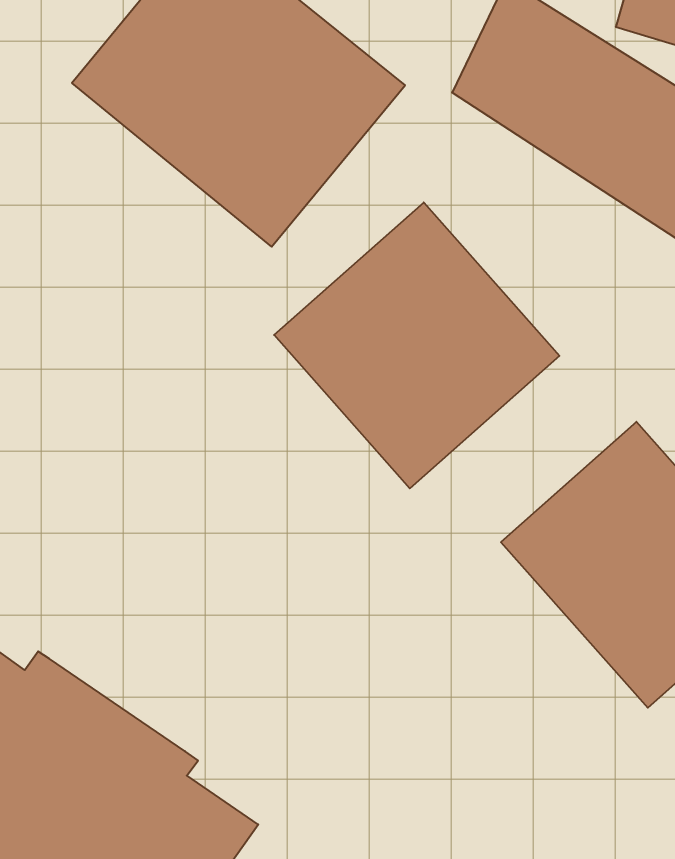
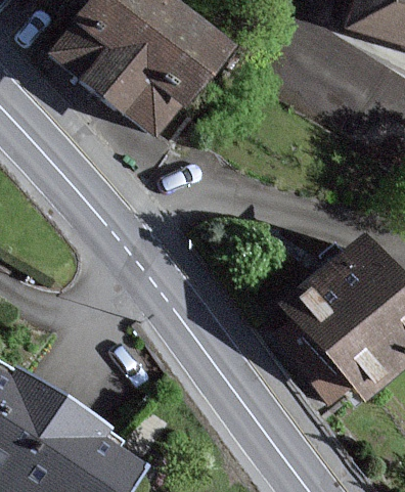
building: [274,202,559,488] -> none

